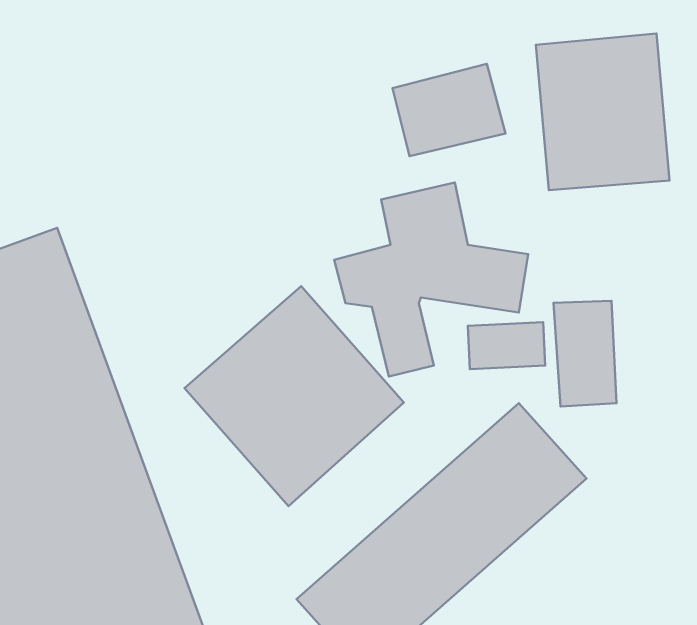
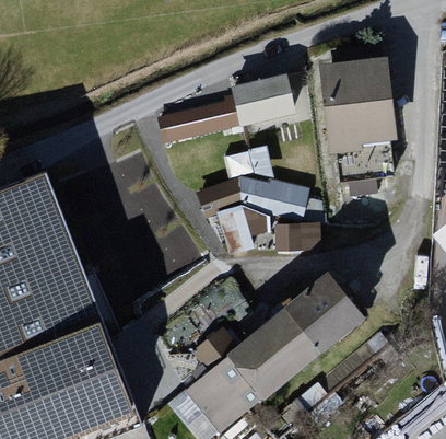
building: none -> [164,99,245,146]
building: [185,286,404,506] -> none
building: [554,301,616,407] -> none

